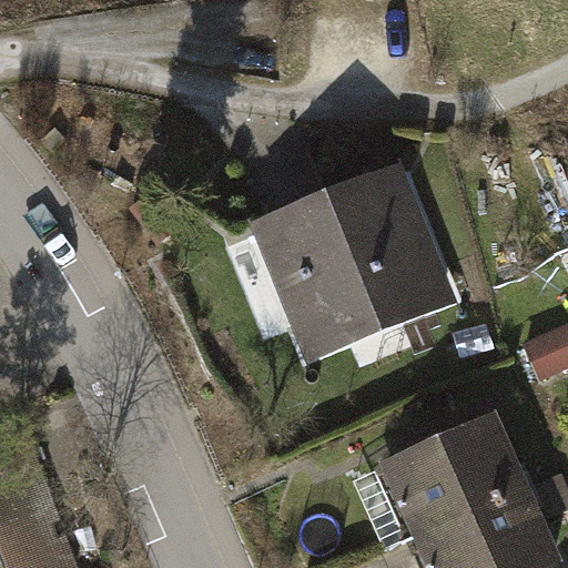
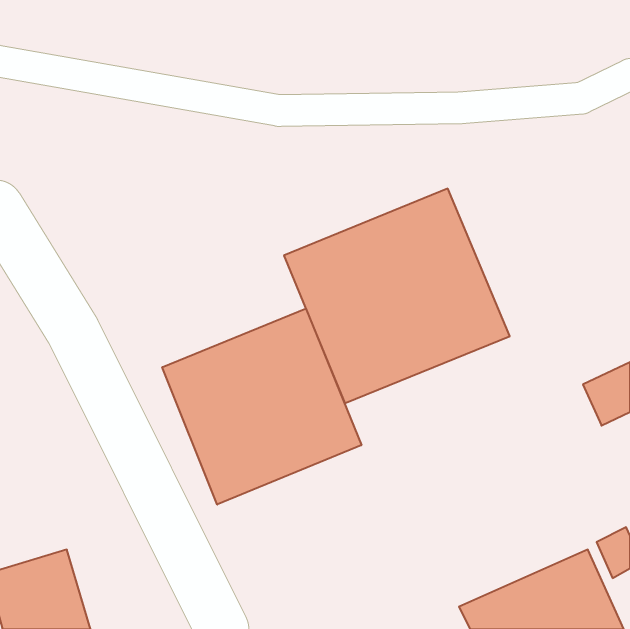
building: none -> [162,308,361,505]
building: [378,415,526,542] -> none

